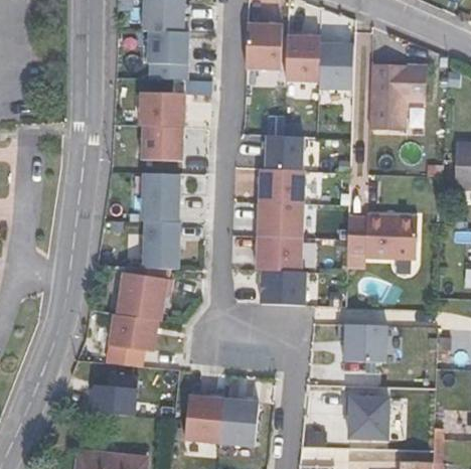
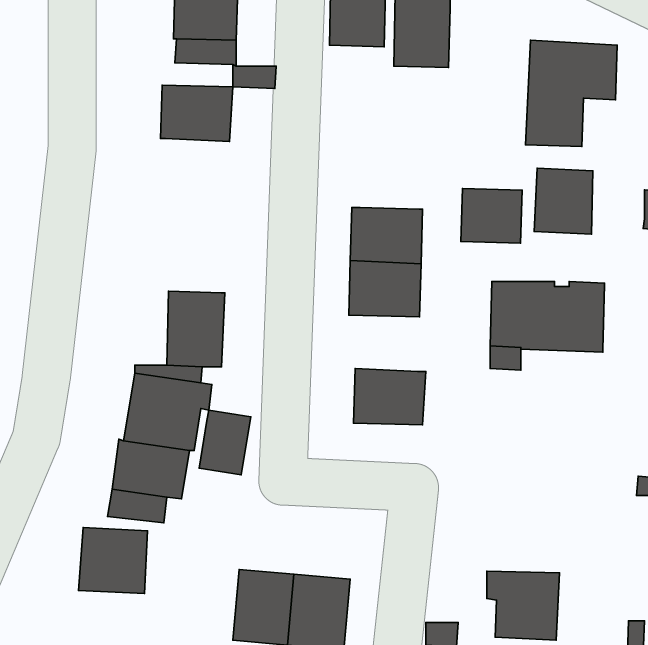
building: [320,43,354,89] -> none
building: [142,125,183,160] -> none
building: [265,135,303,169] -> [461,188,522,243]
building: none -> [534,168,593,234]
building: [142,172,179,221] -> none
building: [257,236,302,271] -> none
building: none -> [199,410,251,475]
building: [338,324,387,361] -> none

